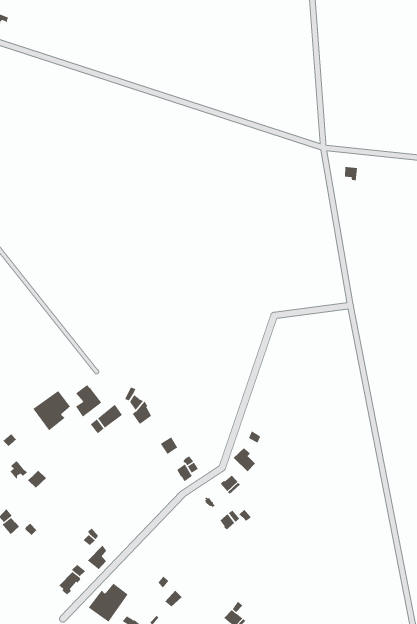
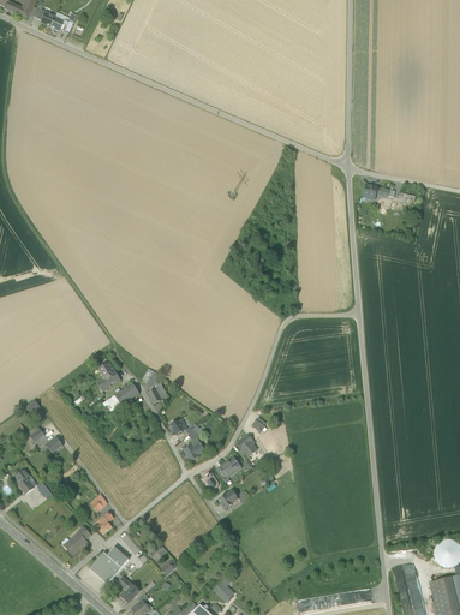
building: [32,390,71,431] -> none

